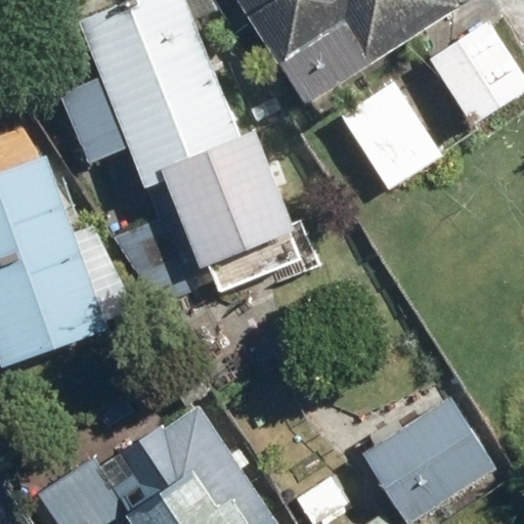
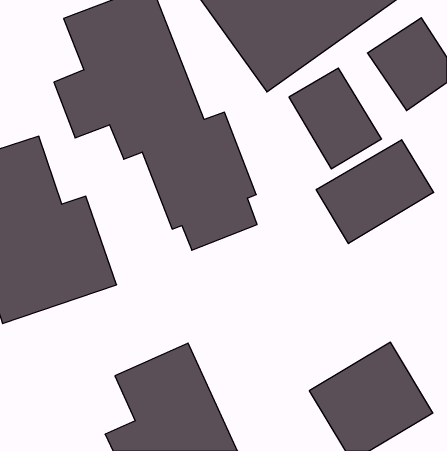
building: none -> [316,140,434,244]

